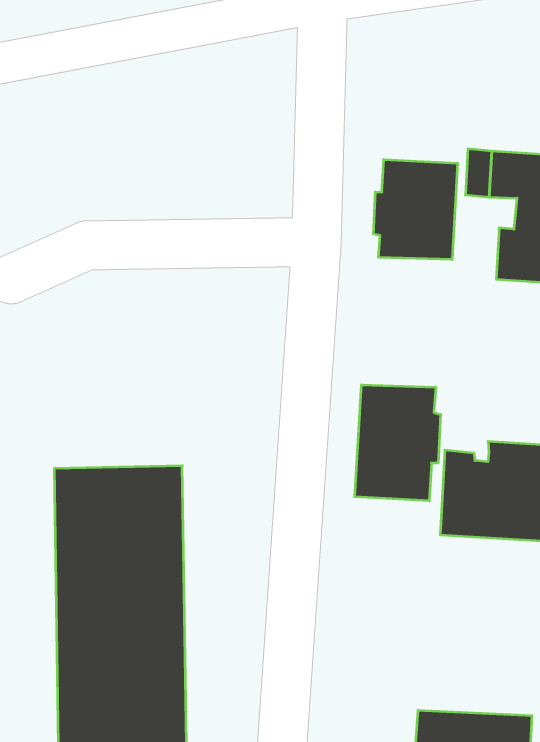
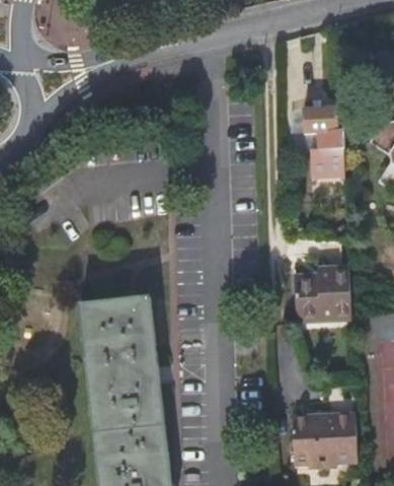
building: [374,159,457,260] -> none
building: [355,385,441,501] -> none

